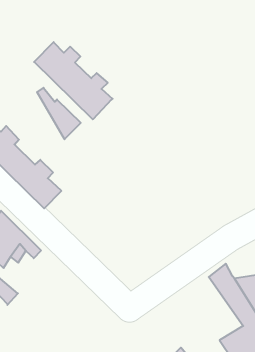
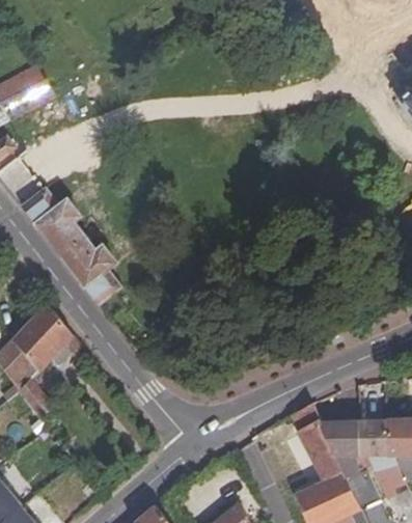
building: [34,42,113,119] -> none
building: [37,88,81,139] -> none

